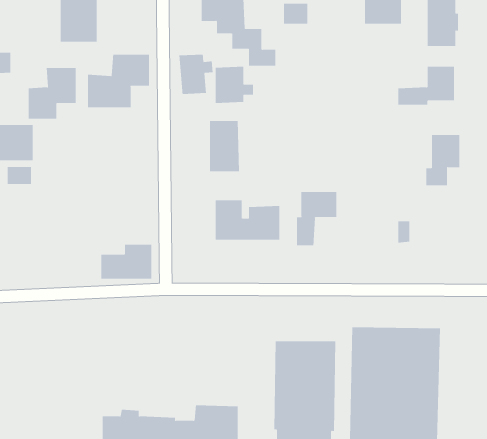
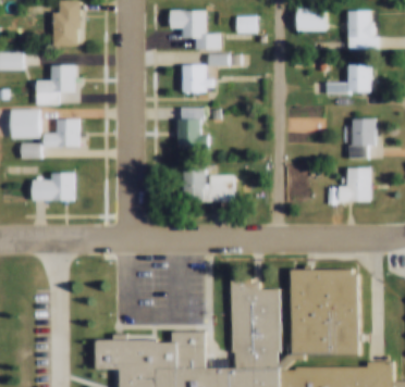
building: [179,54,213,95] -> none
building: [88,54,150,108] -> none
building: none -> [45,120,78,148]
building: [297,191,337,246] -> none
building: none -> [339,167,370,201]
building: [100,244,152,279] -> [34,174,74,201]

